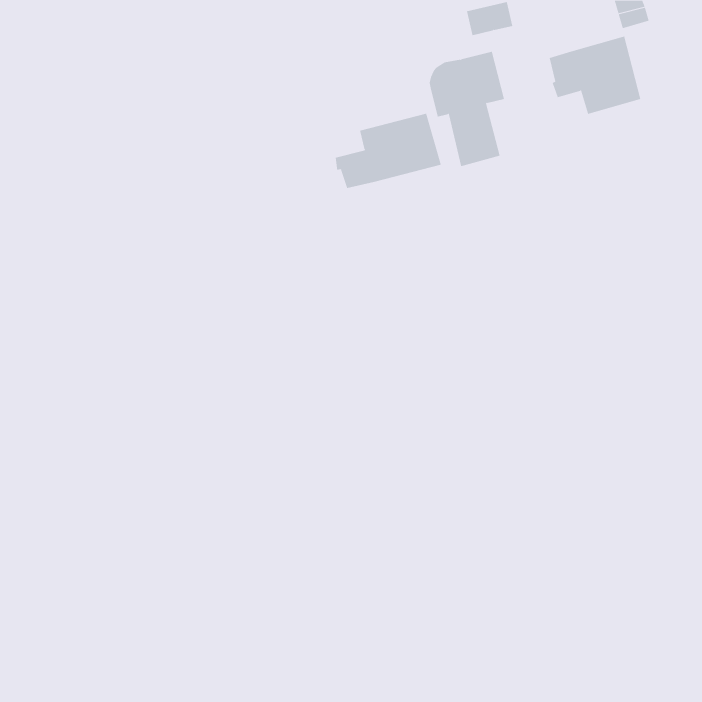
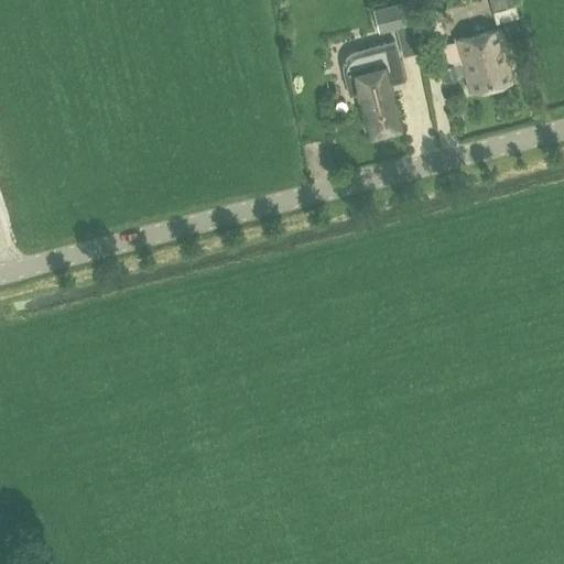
building: [335,113,441,189] -> none

